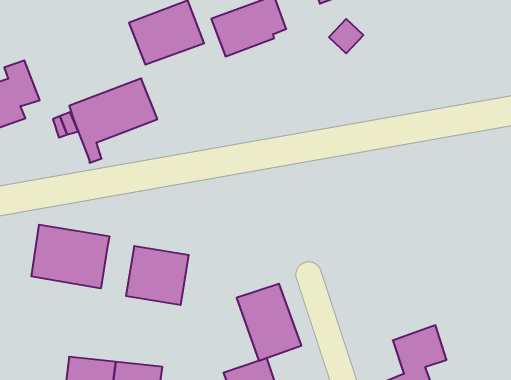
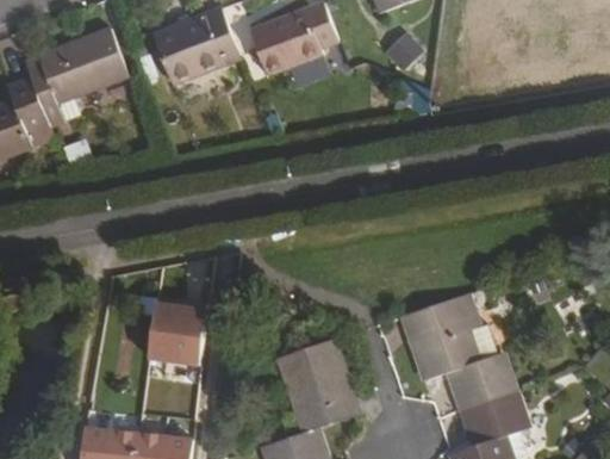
building: [69,78,157,163] -> [24,29,127,128]
building: [31,225,109,288] -> none
building: none -> [403,297,512,408]

